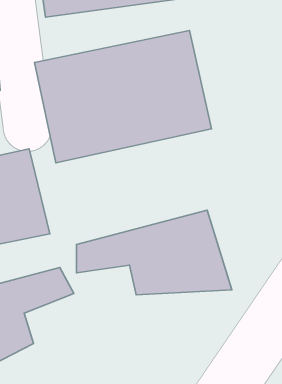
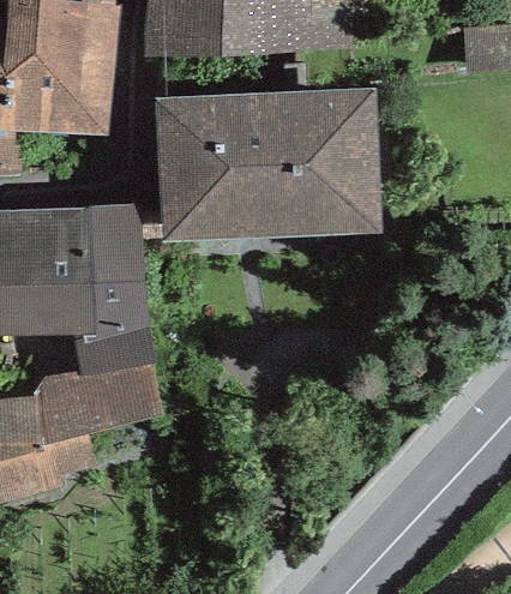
building: [76,210,232,295] -> none

